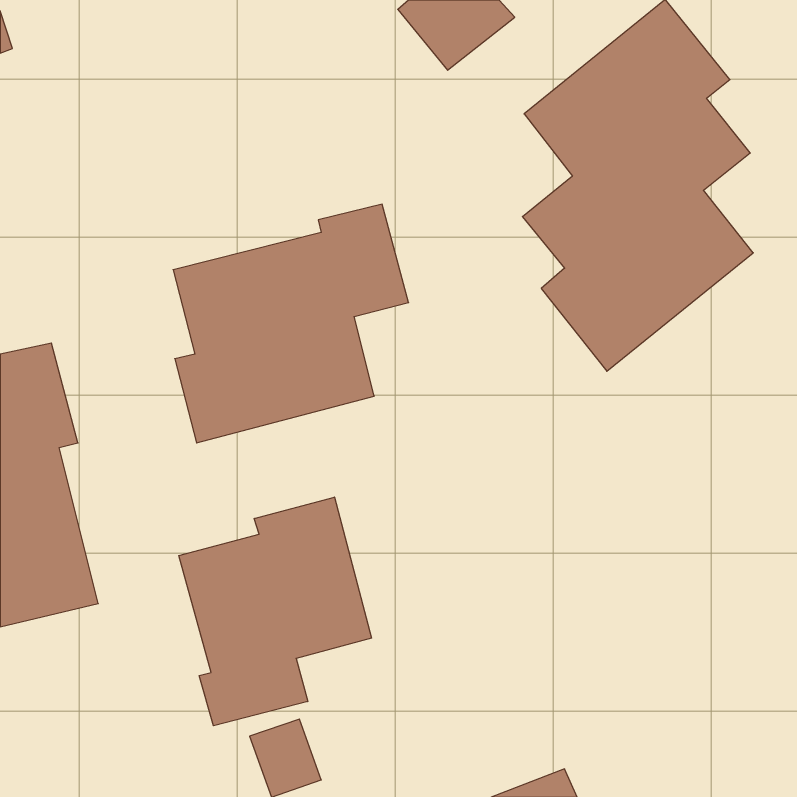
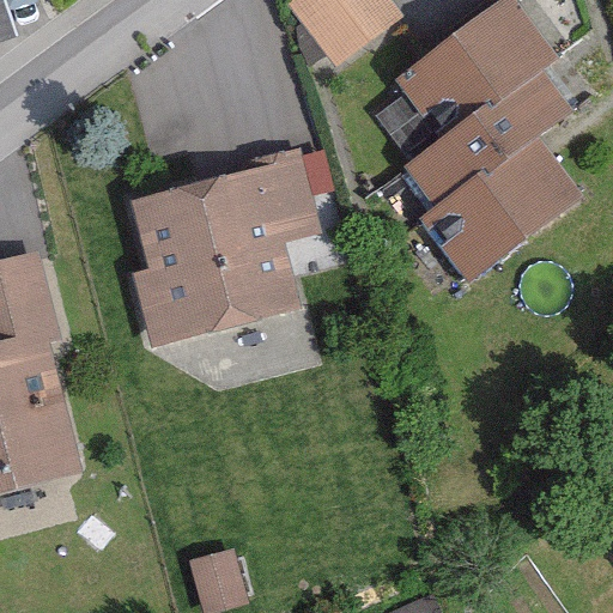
building: [179,497,372,726] -> none

